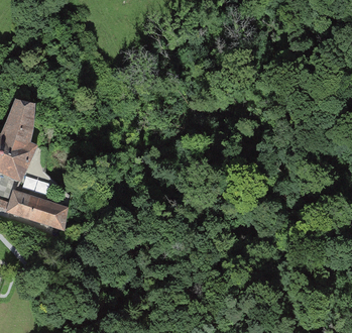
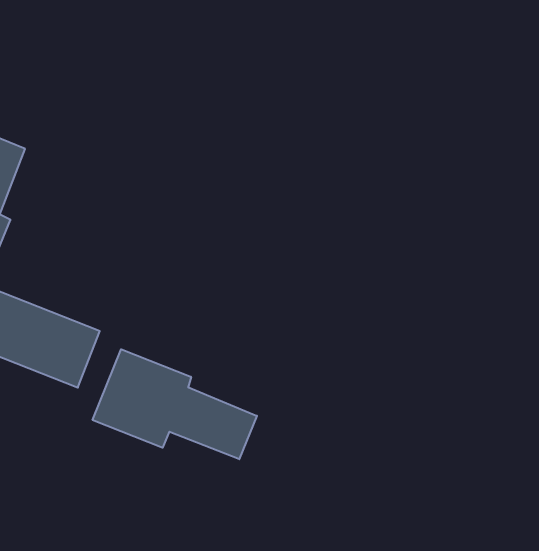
building: none -> [93,349,257,459]

